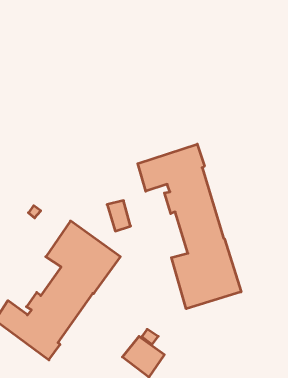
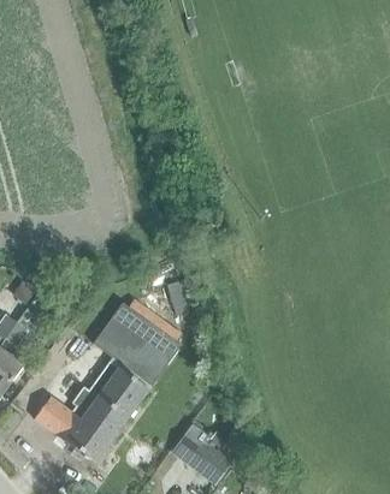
building: [138,144,241,309] -> none

